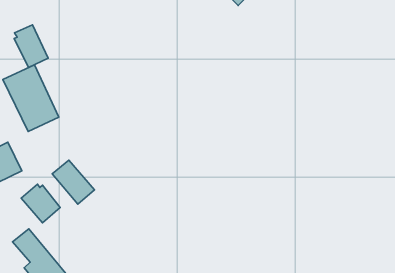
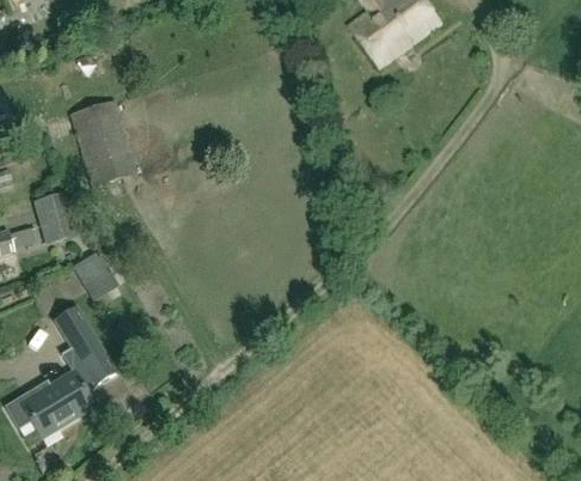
building: [14,25,48,67] -> none
building: [52,160,95,204] -> none

